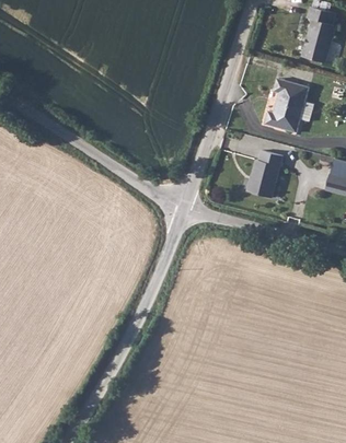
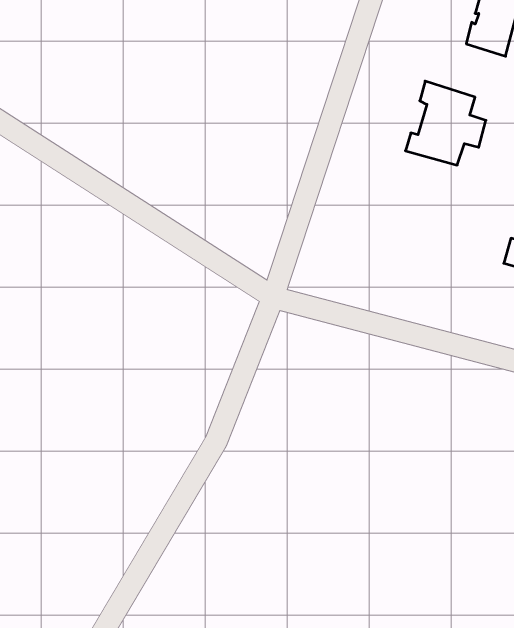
building: [246,149,281,197] -> none

